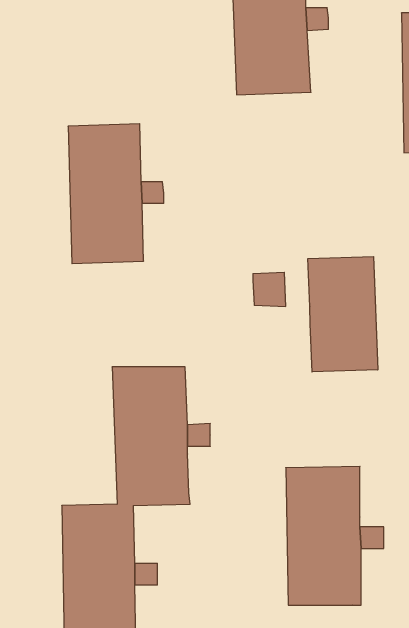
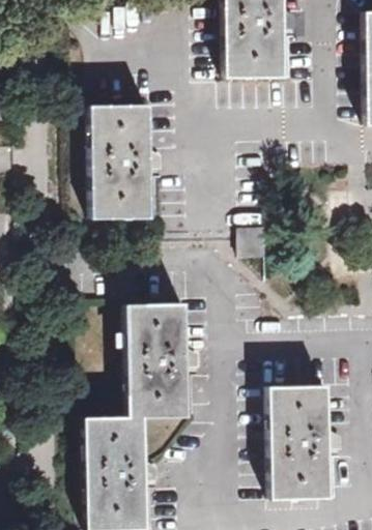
building: [308,257,378,372] -> none

